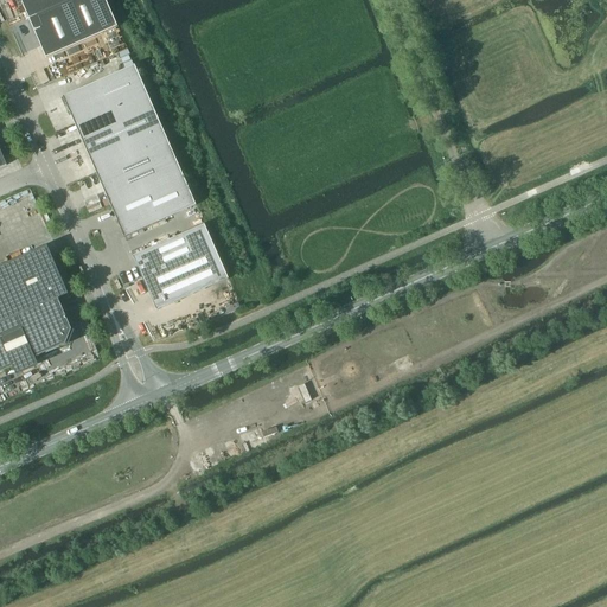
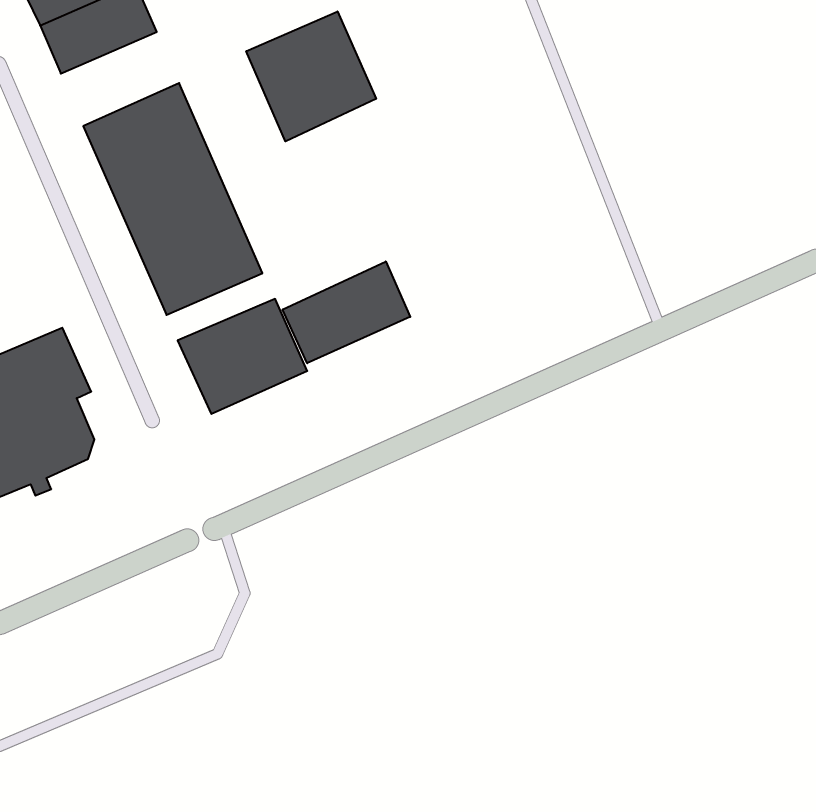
building: none -> [246,11,376,141]
building: none -> [283,261,410,363]

